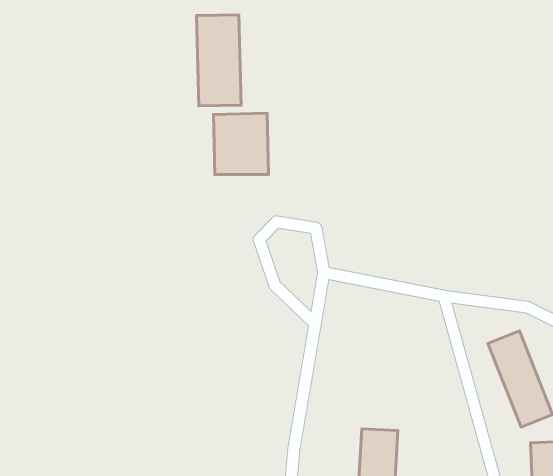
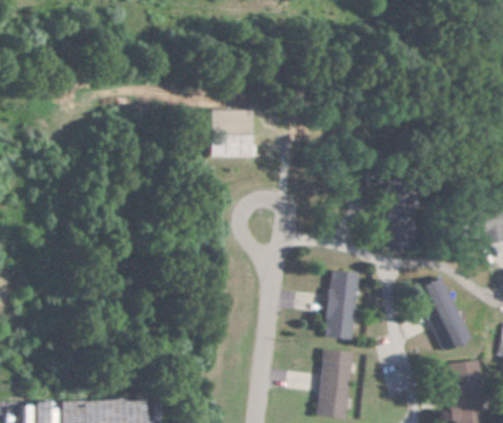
building: [196,15,241,106] -> none
building: none -> [325,271,359,338]

